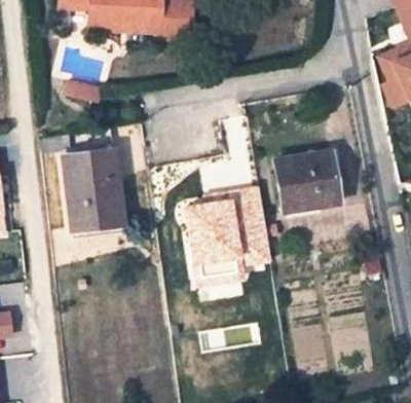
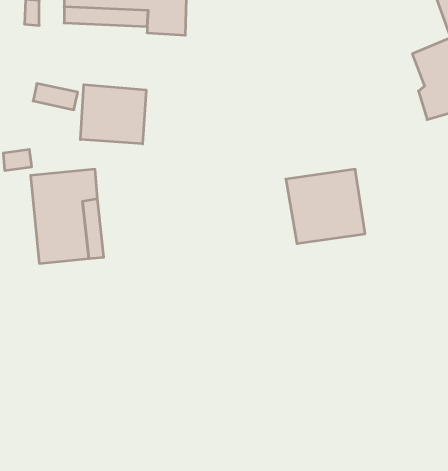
building: none -> [80,85,146,144]
building: [182,187,273,291] -> none

